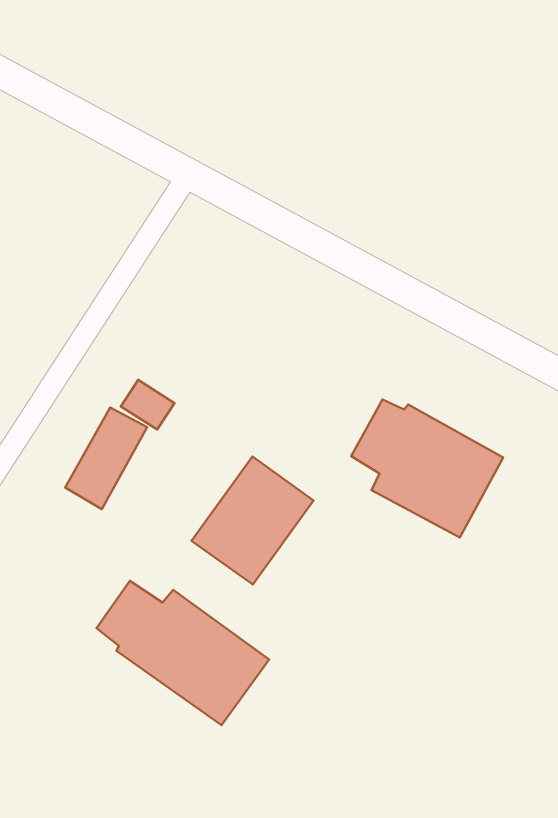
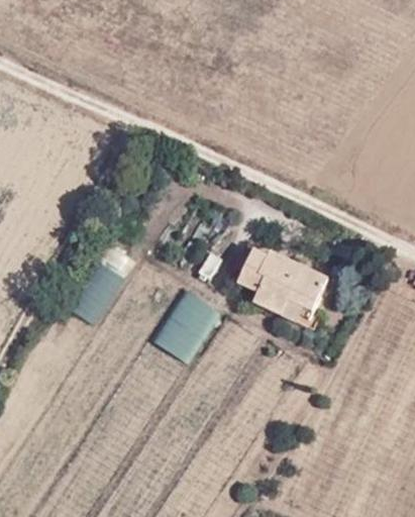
building: [97,581,269,725] -> none

